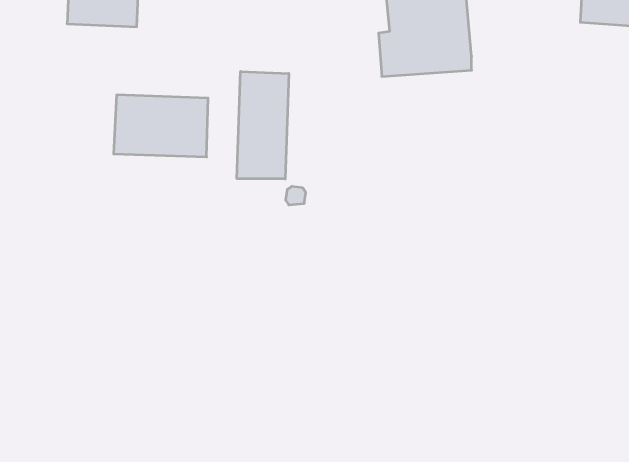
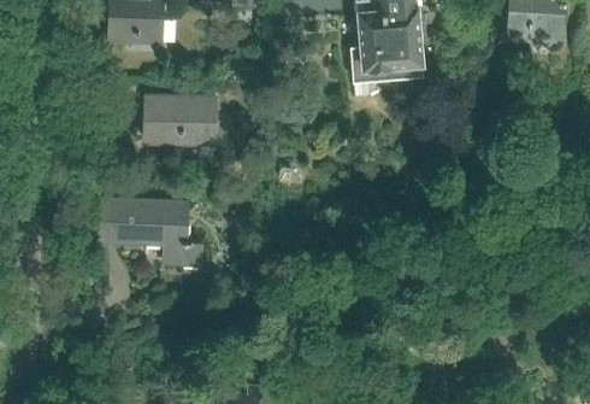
building: [237,71,289,179] -> none
building: none -> [99,199,202,268]

